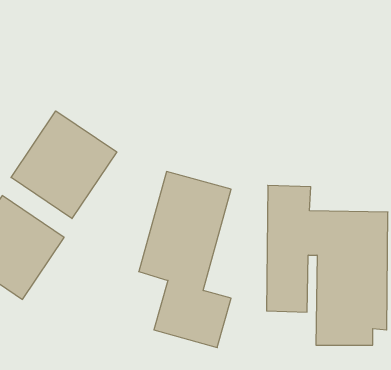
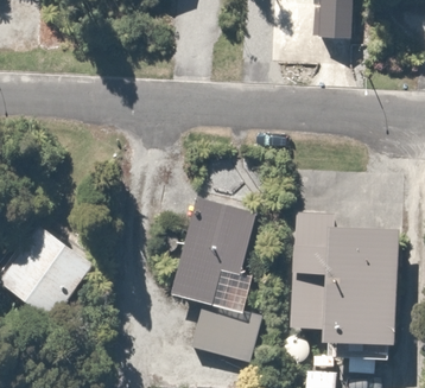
building: [11,111,117,219] -> none

